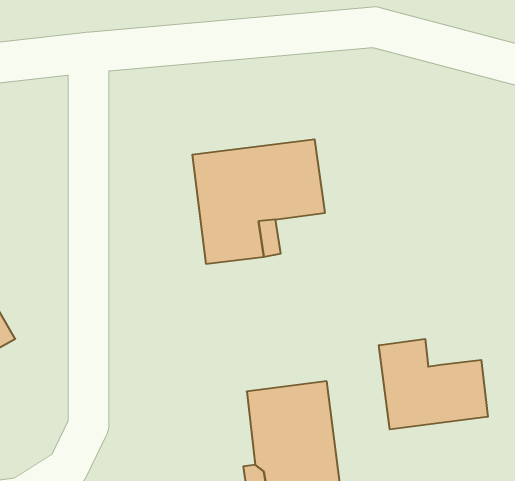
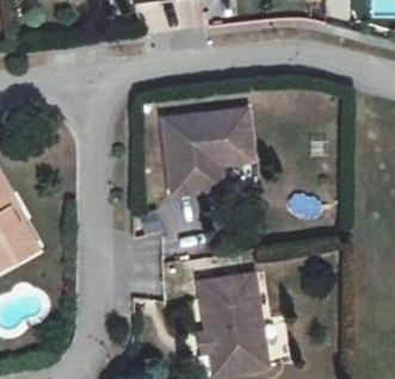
building: [379,339,488,429] -> none

